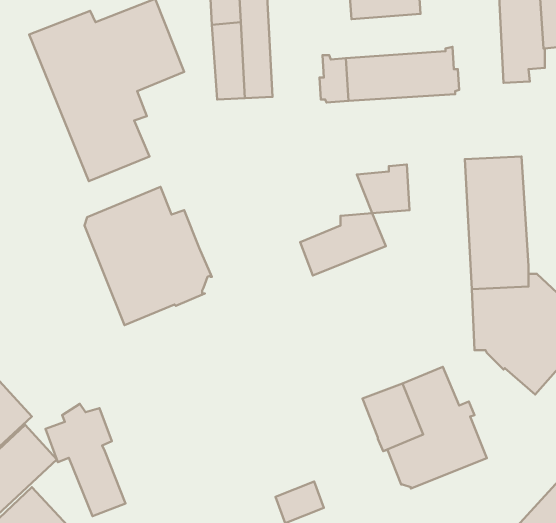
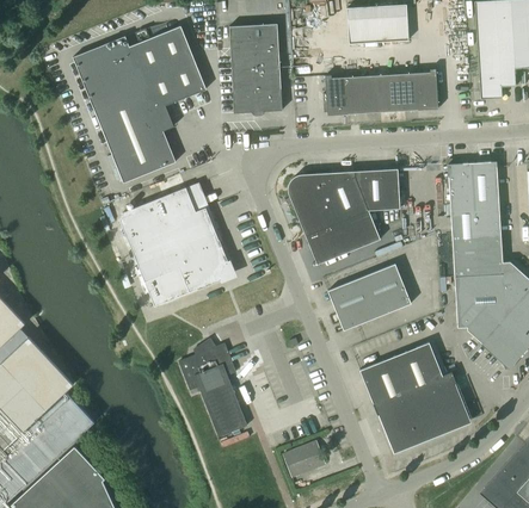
building: none -> [288,172,368,235]
building: none -> [327,265,411,330]
building: [45,404,126,516] -> [179,340,248,436]

